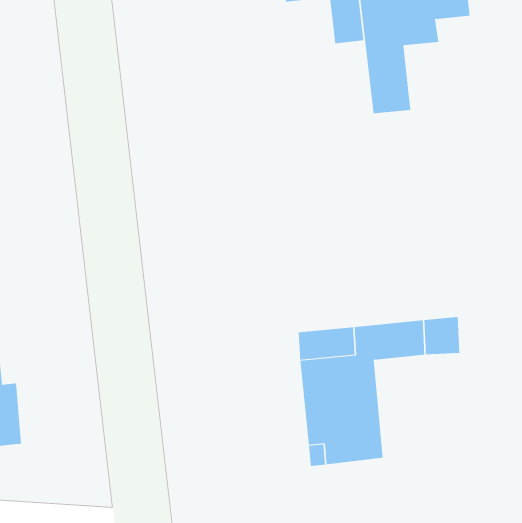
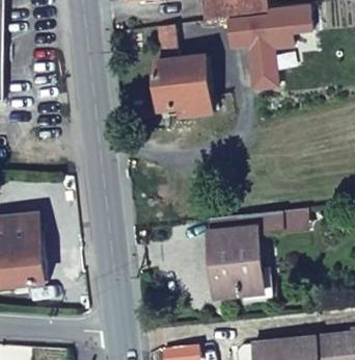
building: none -> [153,24,209,115]

